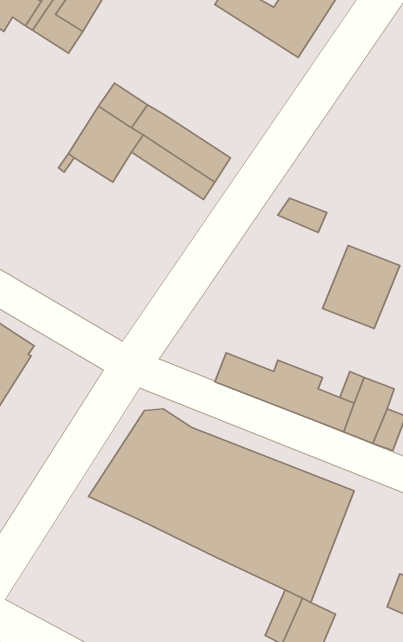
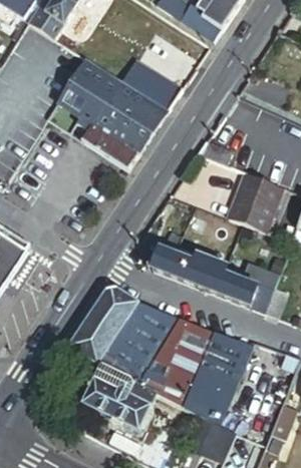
building: none -> [119,59,181,112]
building: none -> [81,108,146,172]
building: none -> [83,365,157,428]

